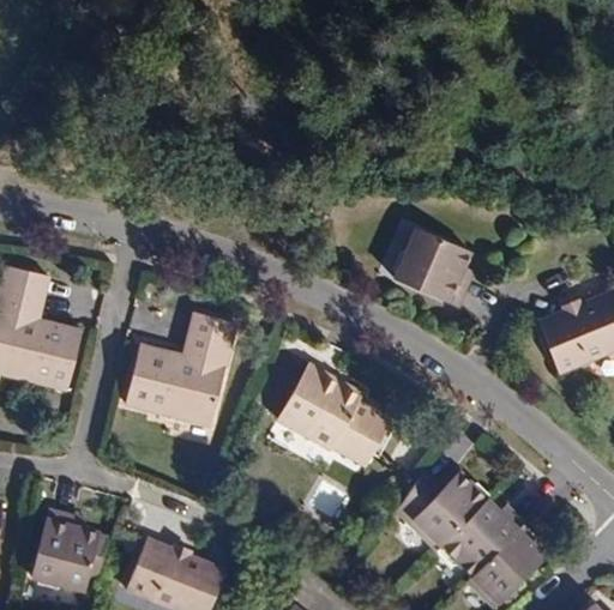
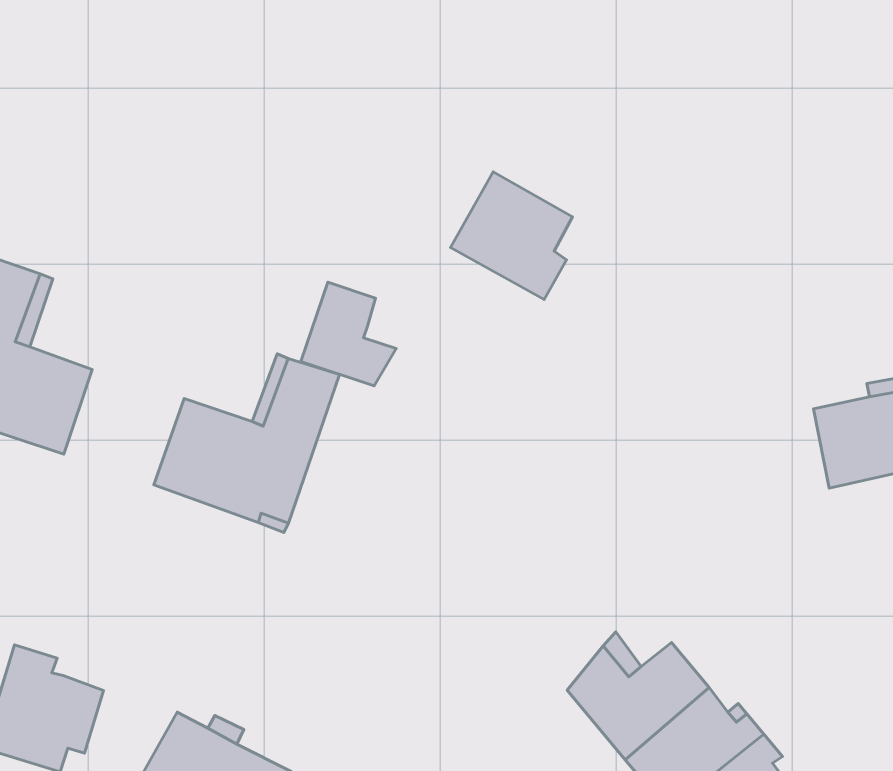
building: [393,229,469,307] -> [450,172,572,300]
building: none -> [301,282,396,386]
building: [276,366,403,465] -> none

